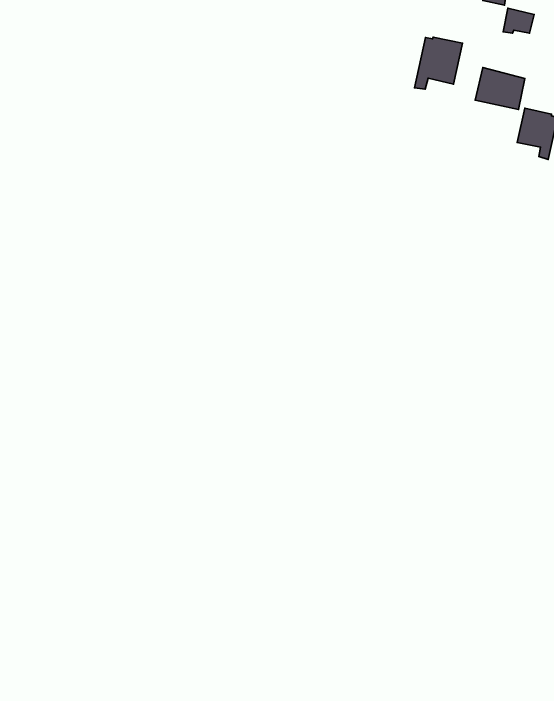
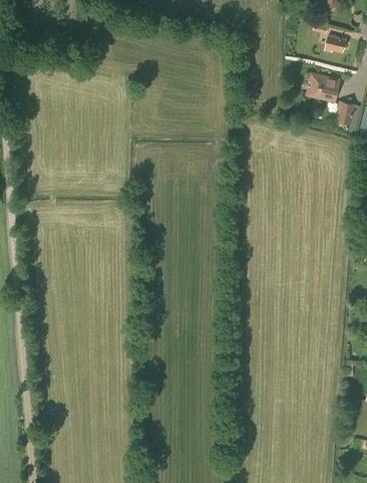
building: [414,37,462,89] -> none

